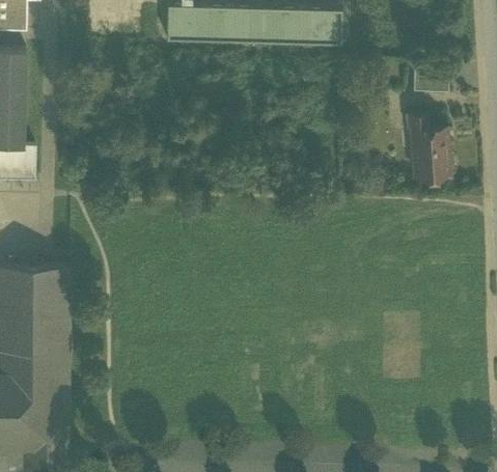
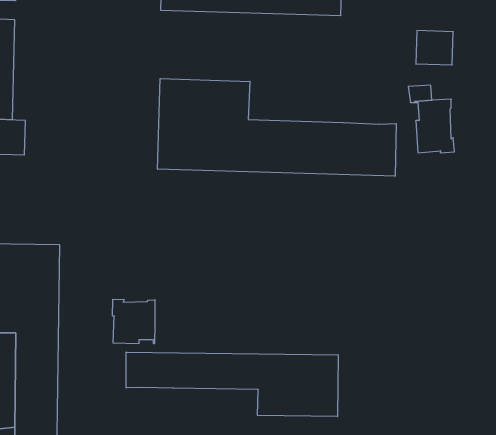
building: none -> [158,79,396,176]
building: none -> [112,299,155,344]
building: none -> [126,352,338,417]

